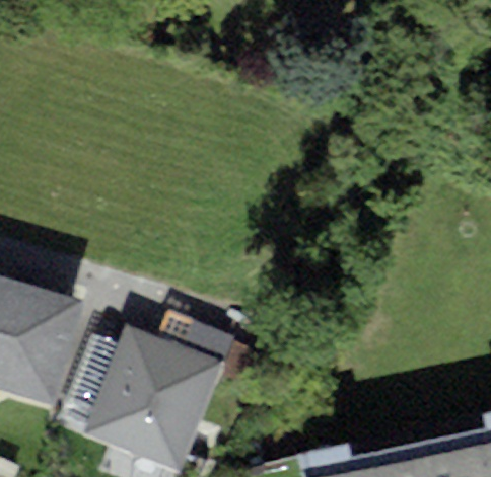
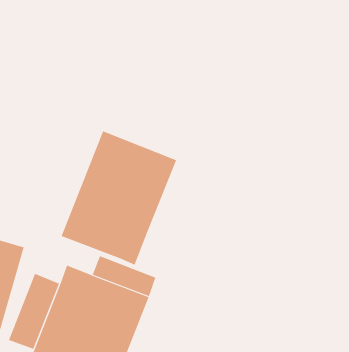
building: none -> [61,131,177,266]

